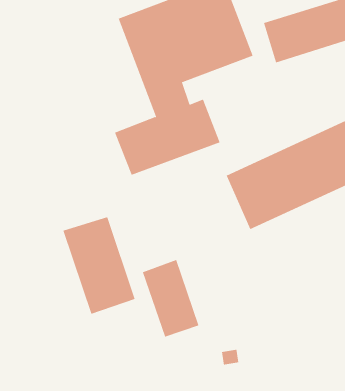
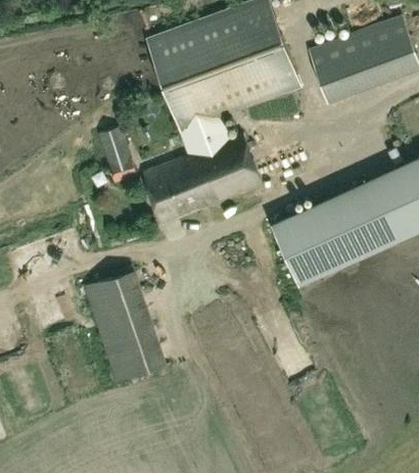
building: none -> [97,128,137,185]
building: [142,259,199,338] -> none

